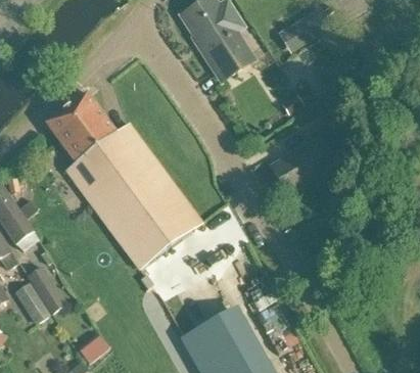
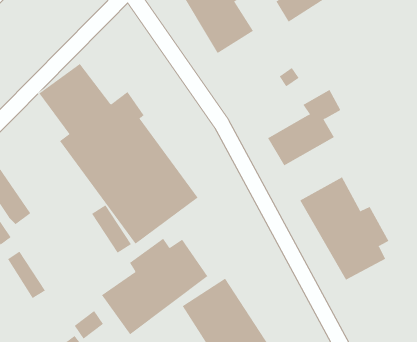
building: none -> [300,176,389,280]
building: none -> [101,238,208,335]
building: [27,267,66,315] -> [91,204,132,253]

